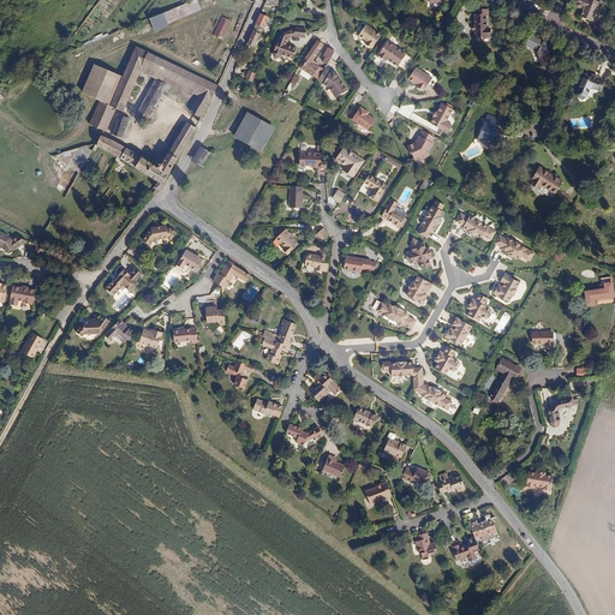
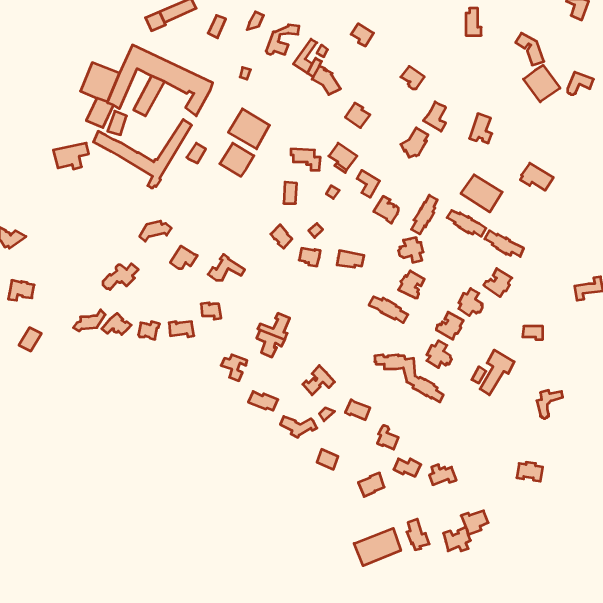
building: [377,41,414,72] -> none
building: none -> [523,65,560,102]
building: none -> [220,143,254,176]
building: none -> [461,175,502,212]
building: none -> [354,528,401,566]

